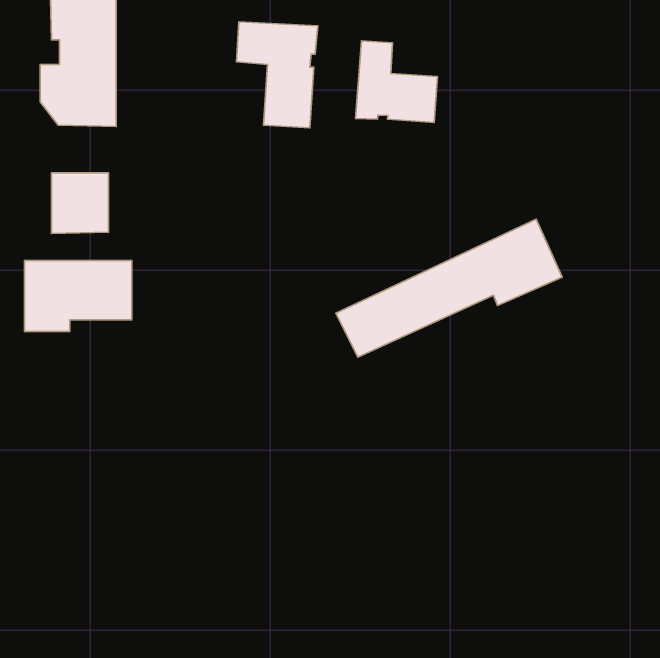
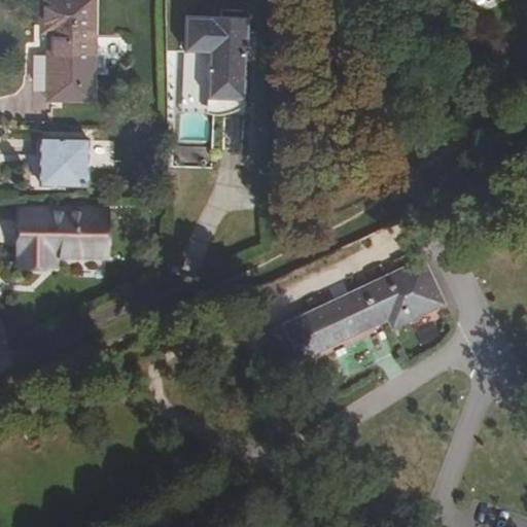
building: [356,41,438,122] -> none
building: [336,219,562,357] -> [259,261,440,372]

